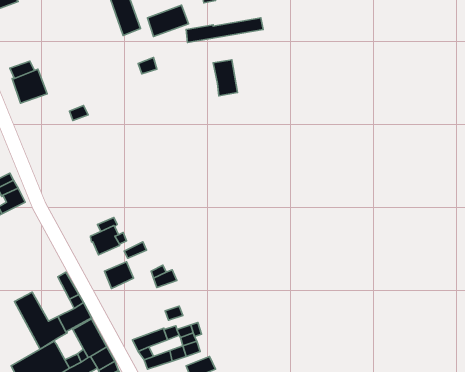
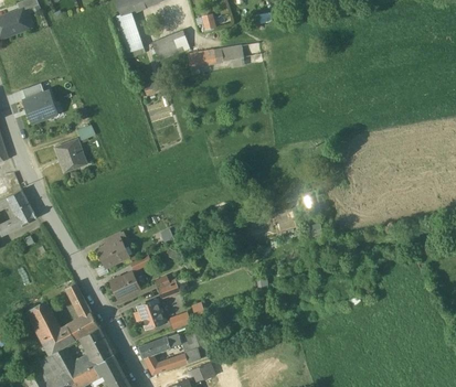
building: [213,60,237,96] -> none
building: none -> [54,140,85,172]
building: none -> [135,300,165,329]

